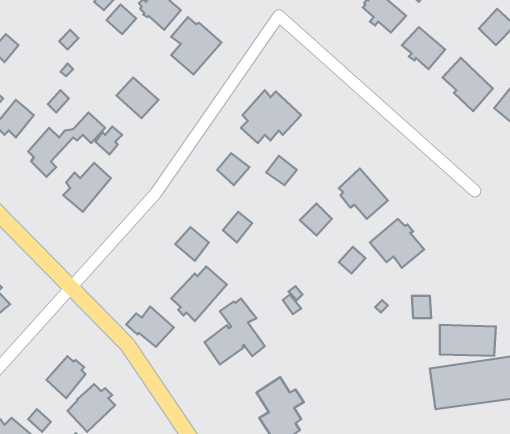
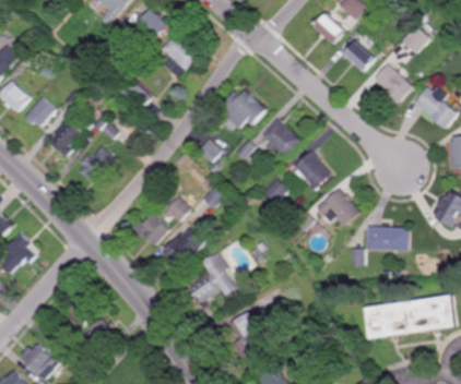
building: none -> [259,118,298,156]
building: [126,306,174,347] -> [131,213,168,244]
building: [440,325,496,356] -> [365,227,409,251]

